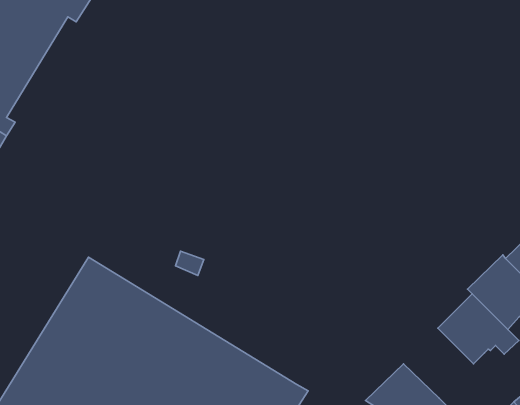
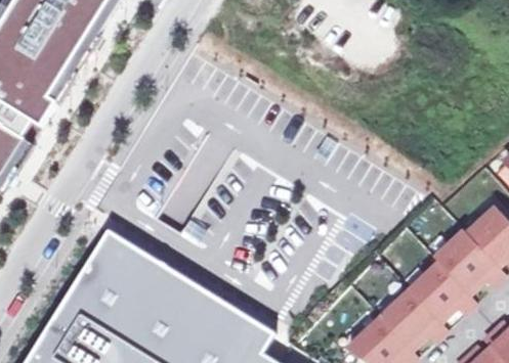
building: none -> [373,289,440,348]

